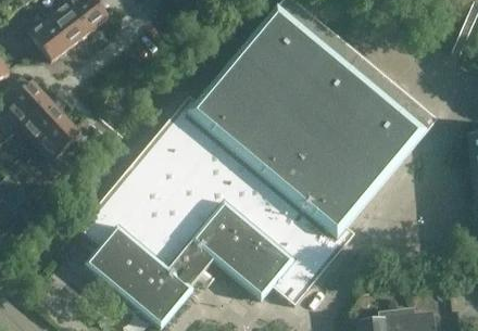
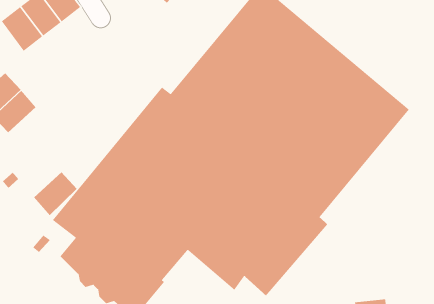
building: [36,116,80,161] -> [33,171,78,216]

